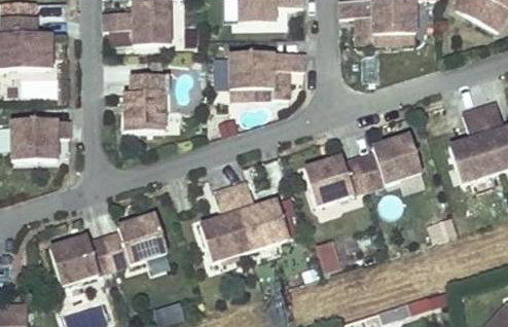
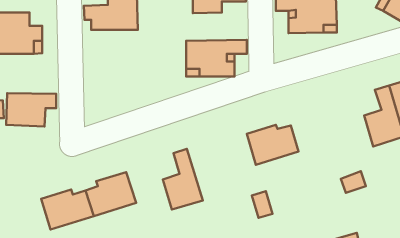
building: [124,76,165,131] -> none
building: [360,136,422,190] -> none
building: [231,182,289,251] -> none

